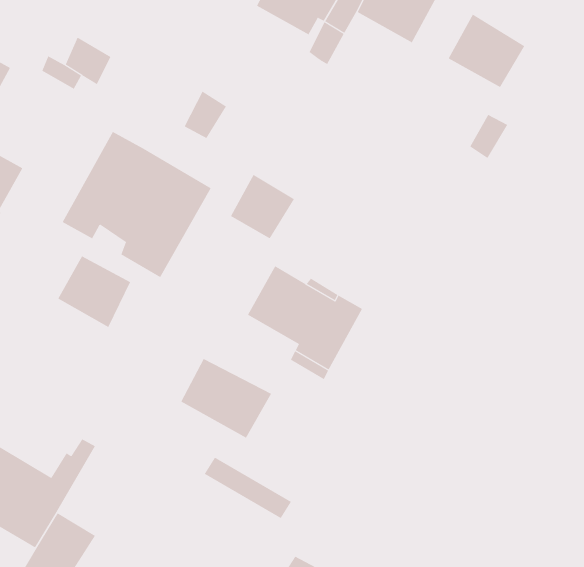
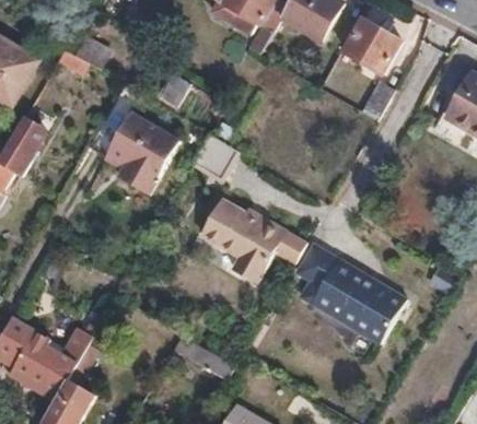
building: [57,256,131,328] -> none
building: none -> [296,246,406,342]
building: [181,358,272,439] -> none

